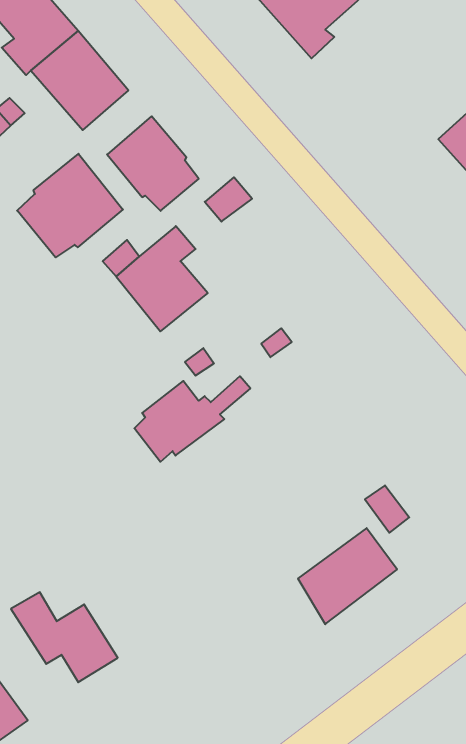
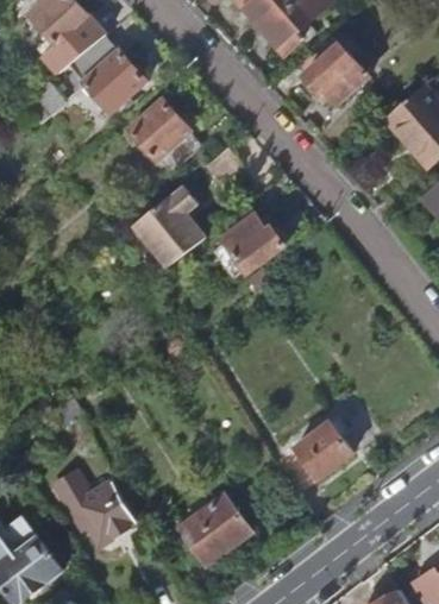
building: none -> [293,33,369,102]
building: [17,154,123,257] -> none
building: [134,376,250,462] -> [214,210,305,277]
building: none -> [177,493,249,564]

